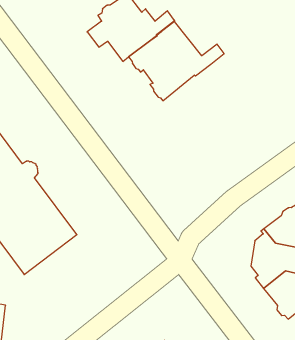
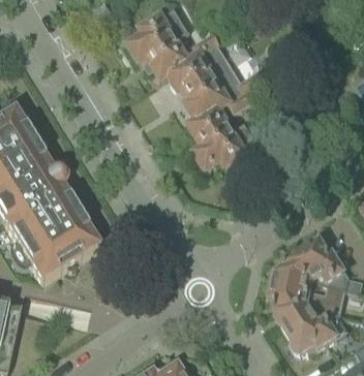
building: none -> [187,88,255,167]

